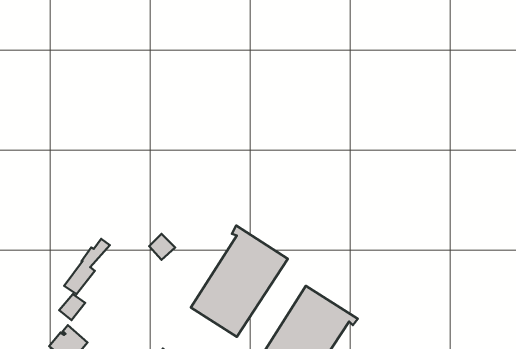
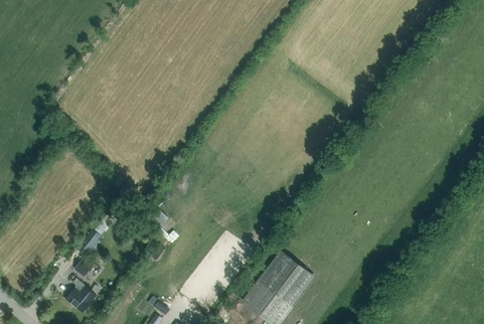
building: [191,225,288,337] -> none

